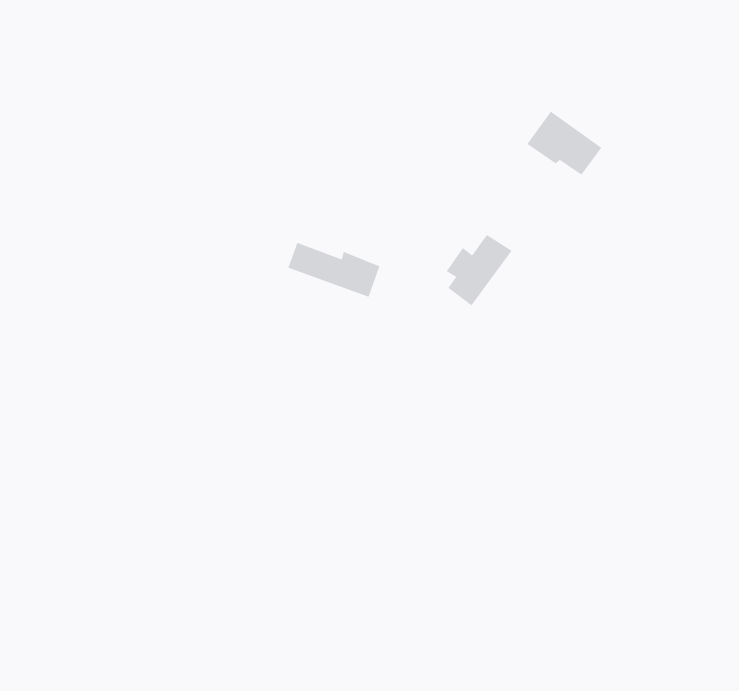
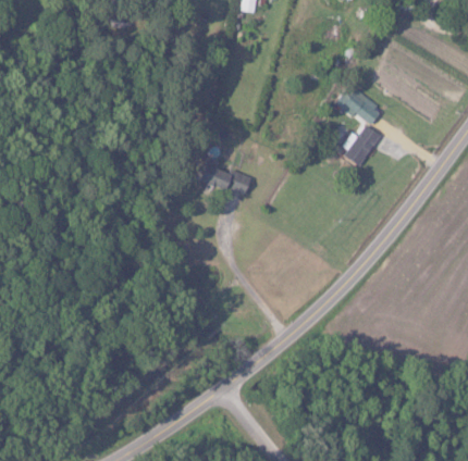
building: [446,234,512,306] -> [343,125,382,167]

